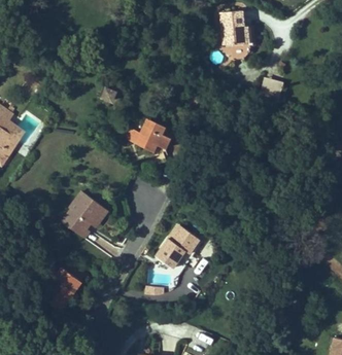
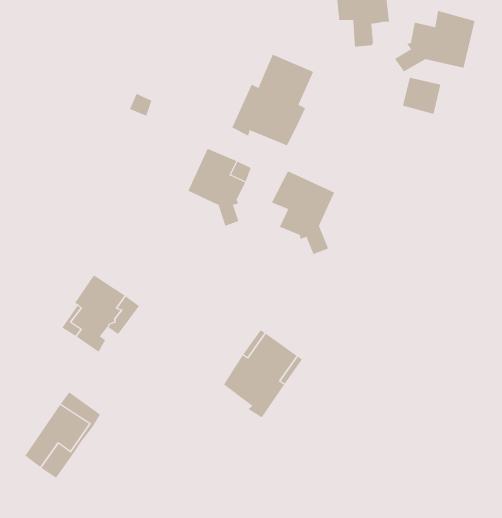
building: none -> [394,10,475,72]
building: none -> [231,54,314,146]
building: none -> [271,170,335,255]

